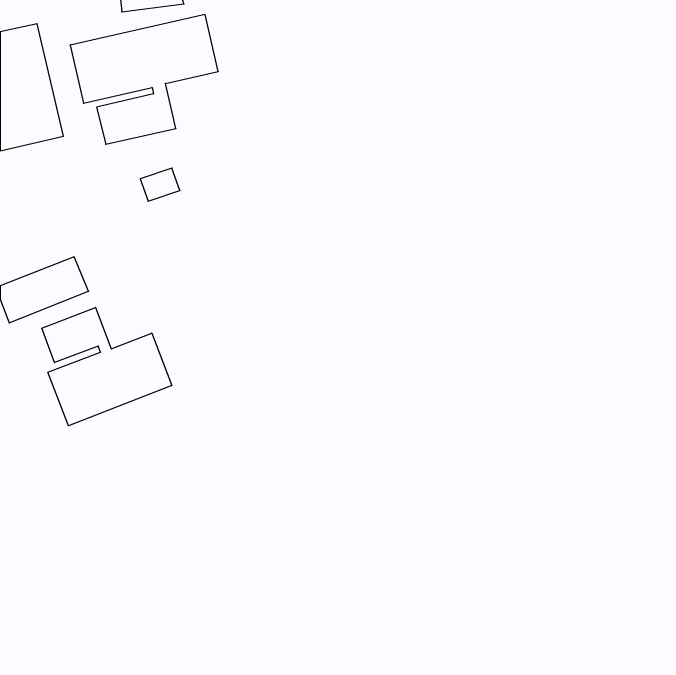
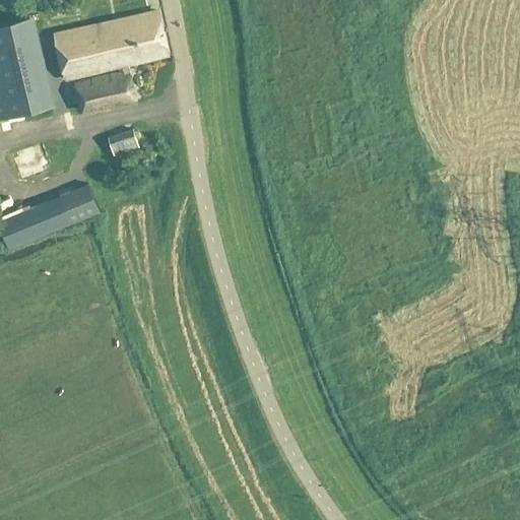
building: none -> [57,185,99,223]
building: [42,307,172,426] -> none

